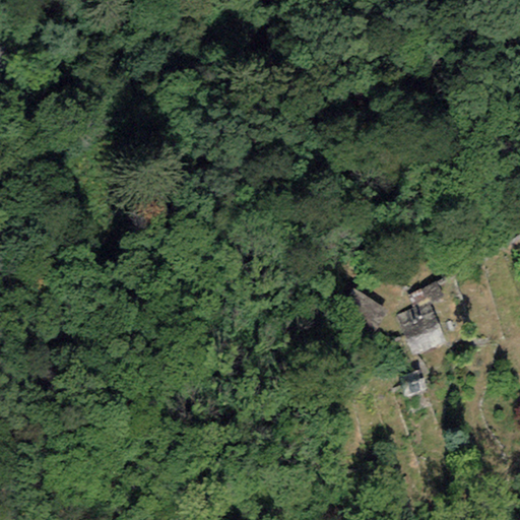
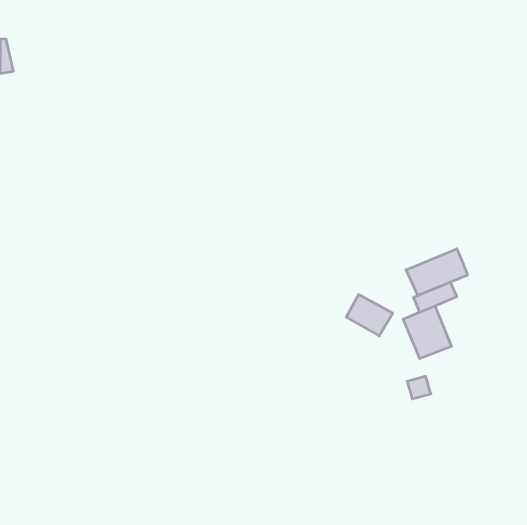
building: none -> [406,249,467,296]

